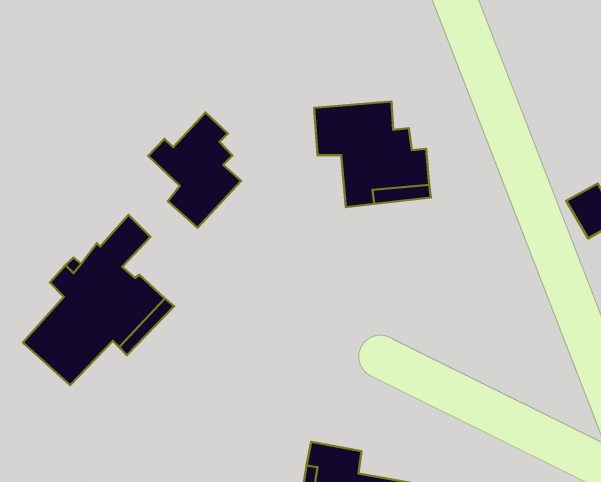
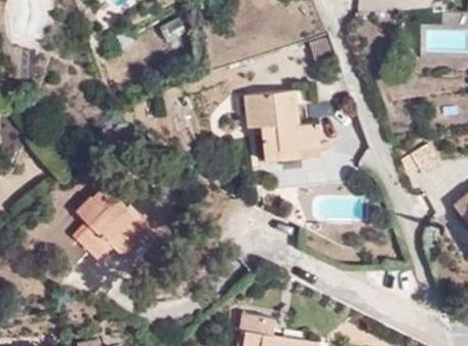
building: [148,113,241,228] -> none

